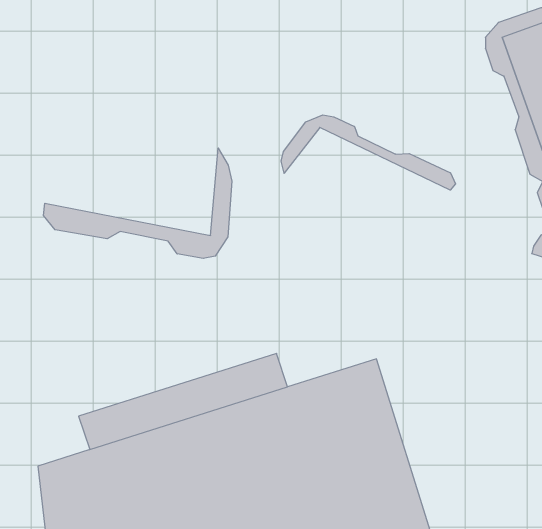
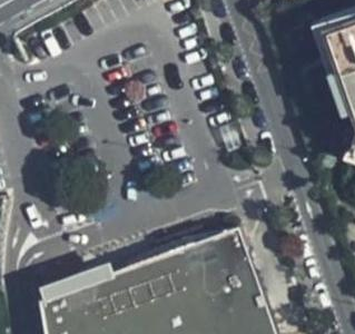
building: [281,115,456,190] -> none
building: [43,148,232,258] -> none

